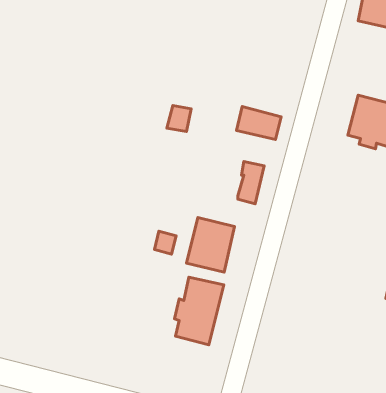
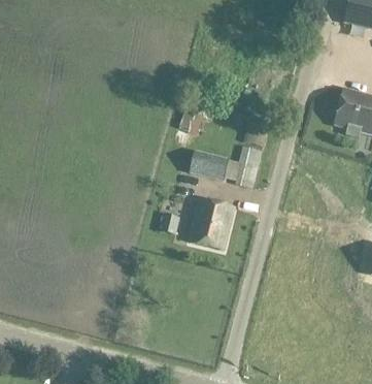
building: [237,106,281,140] -> [188,150,228,180]
building: [175,277,224,345] -> none

